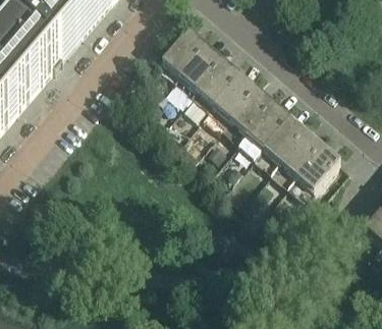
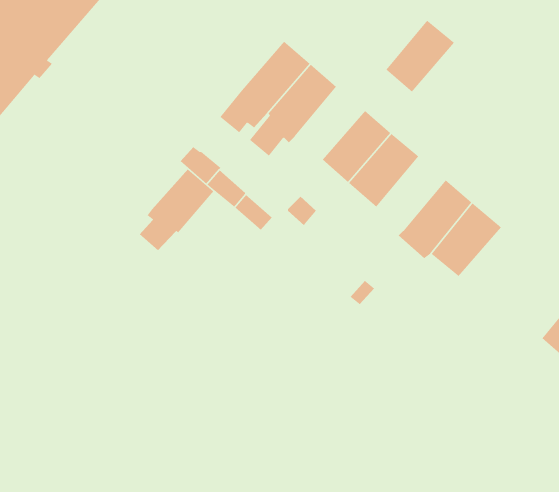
building: [163,29,207,74] -> none
building: [214,72,257,117] -> [386,20,455,92]
building: [264,115,307,161] -> none
building: none -> [139,169,214,251]

